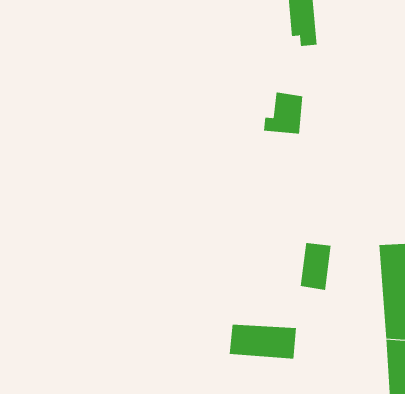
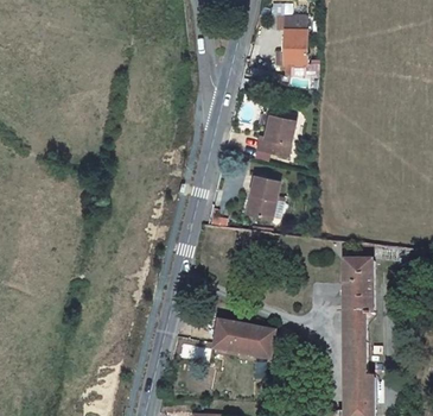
building: [300,242,331,291] -> [249,175,280,219]

